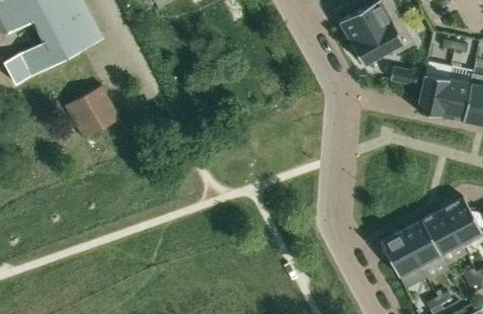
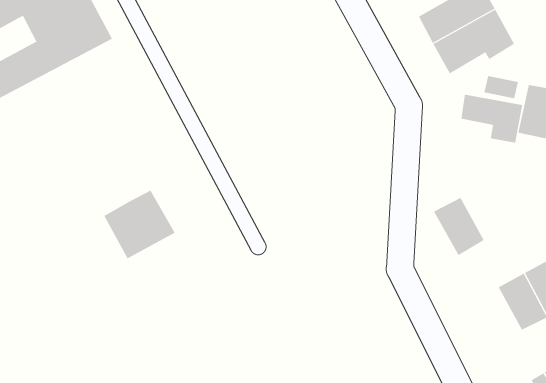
building: none -> [461,94,523,144]
building: [65,85,120,139] -> [104,190,176,259]
building: [380,231,419,277] -> [433,197,484,256]

